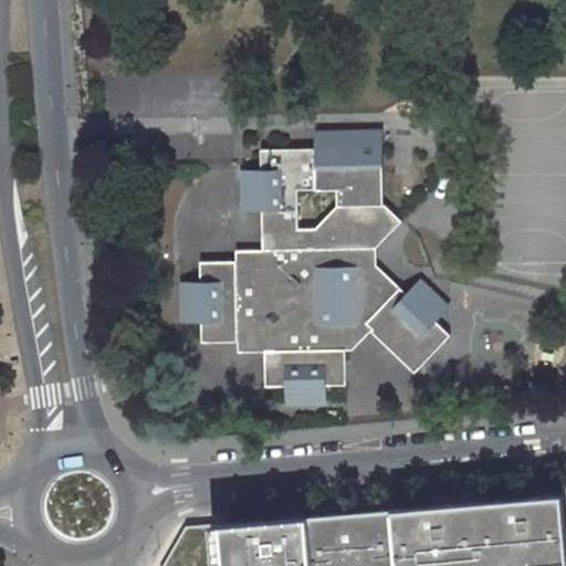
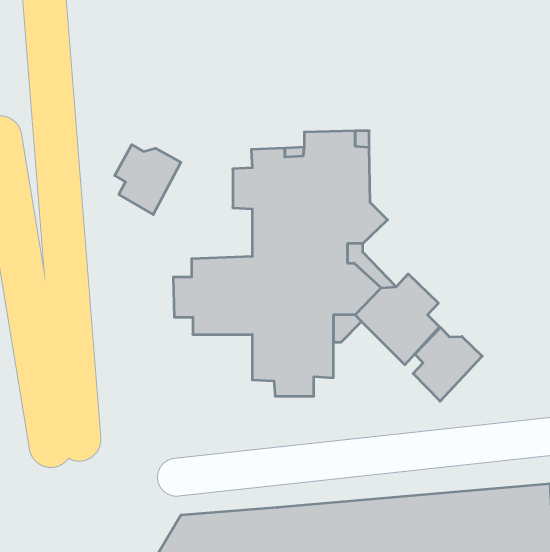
building: none -> [115,145,181,215]
building: none -> [413,327,482,401]

